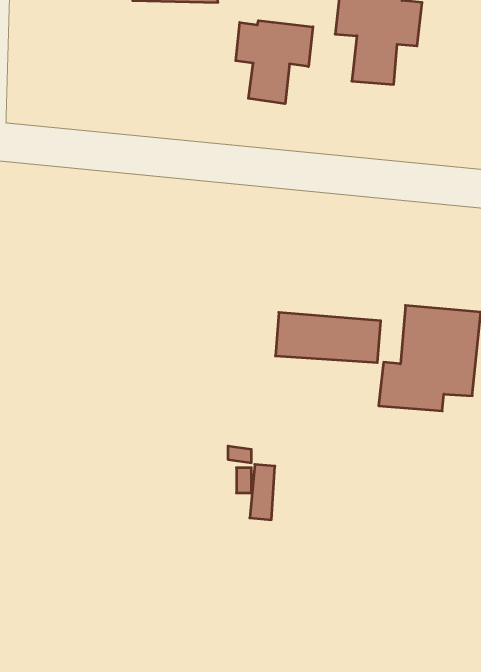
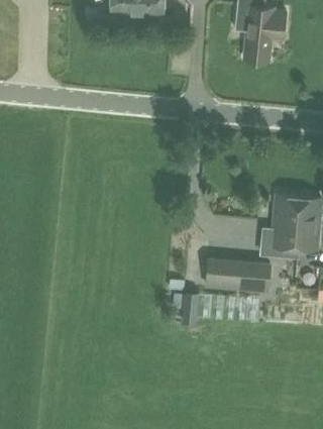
building: [236,21,313,104] -> none
building: [275,312,381,363] -> [206,257,270,288]

